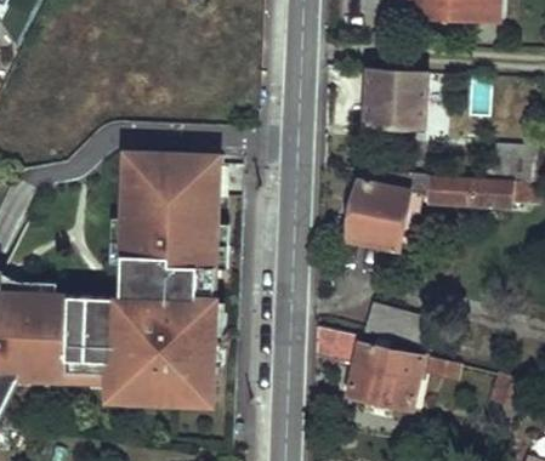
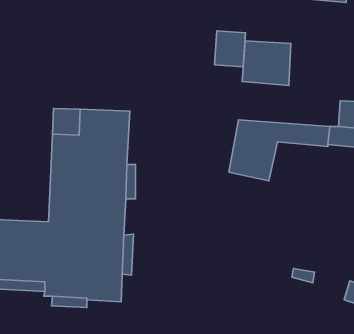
building: none -> [214,31,246,67]
building: [362,300,427,347] -> none
building: [314,325,421,408] -> none

